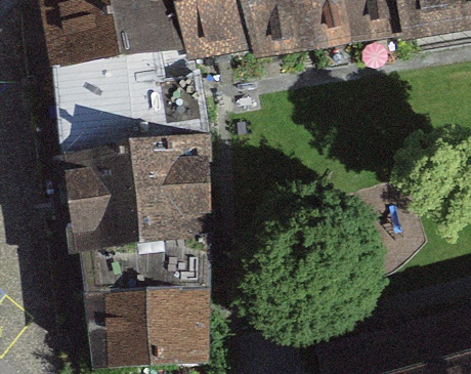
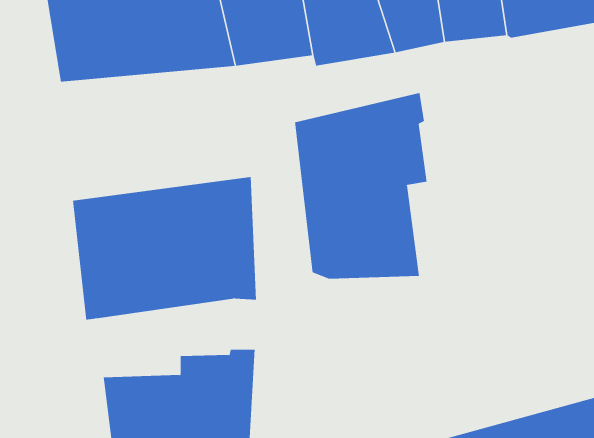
building: [55,54,203,158] -> none
building: none -> [294,92,427,279]
building: [83,234,207,294] -> none

